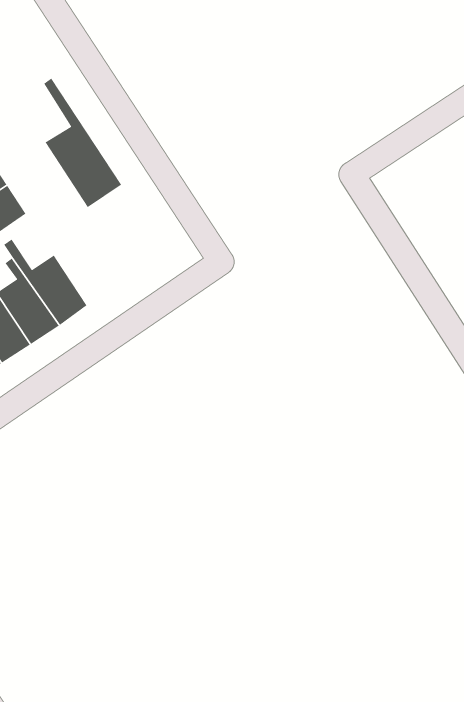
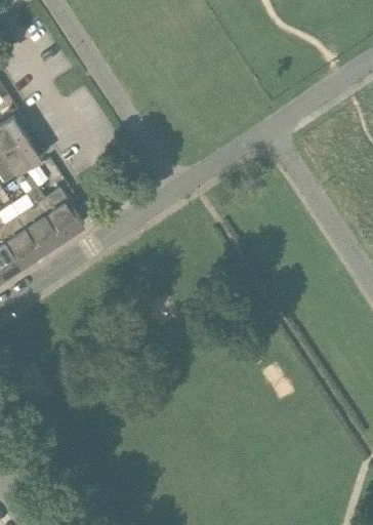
building: [43,77,122,208] -> none

